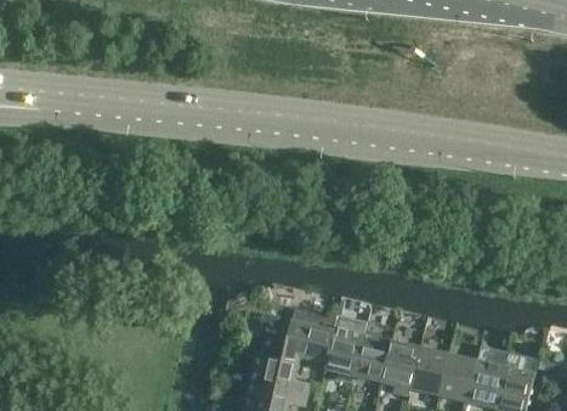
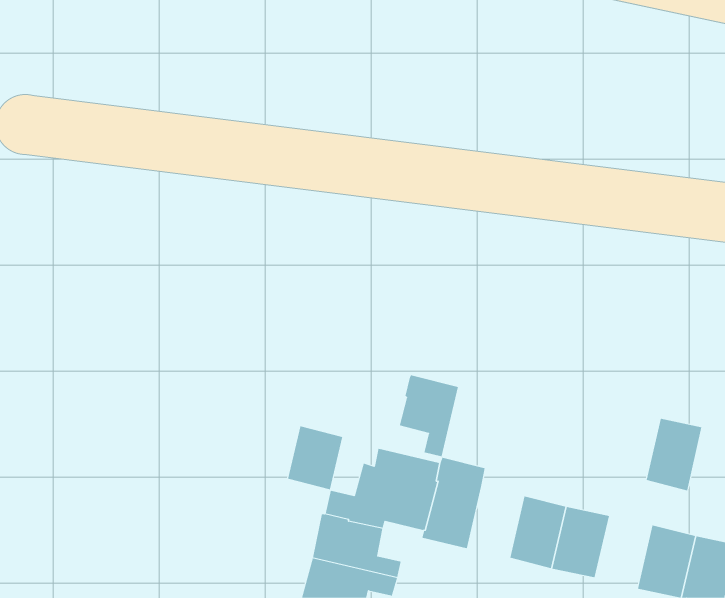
building: none -> [399,374,458,457]
building: none -> [287,425,343,490]
building: [356,334,393,382] -> none
building: [441,354,478,402] -> [646,418,702,491]

